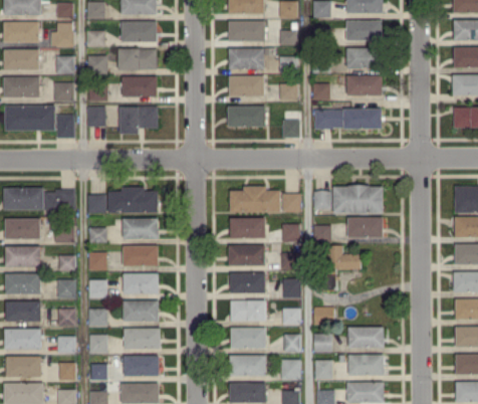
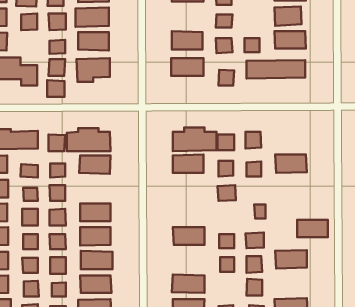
building: [229,48,265,69] -> none
building: [54,82,74,102] -> [47,80,65,97]
building: [332,186,384,214] -> none
building: [123,245,159,266] -> none
building: [229,245,265,266] -> none
building: [329,245,361,269] -> none
building: [230,272,265,293] -> none
building: [282,279,301,298] -> none
building: [231,328,266,349] -> none
building: [348,355,384,375] -> [297,220,328,237]
building: [281,360,300,380] -> none

